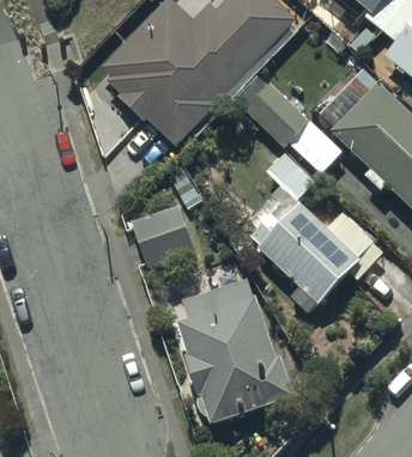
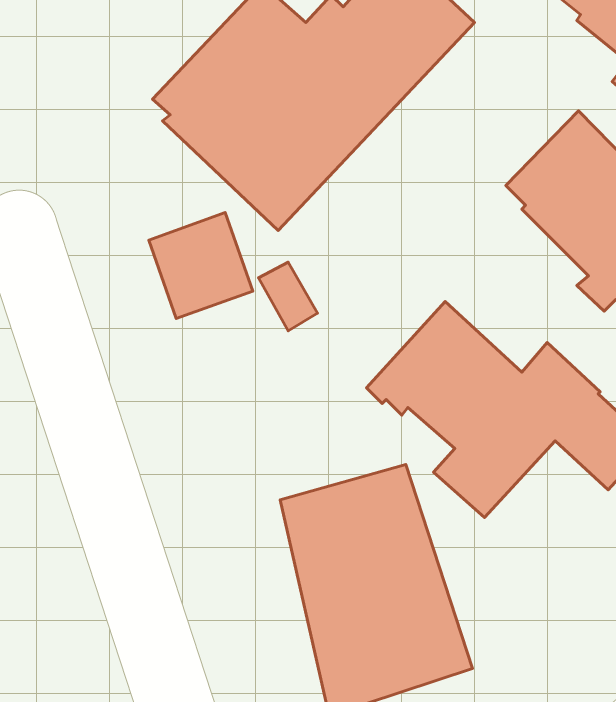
building: [235,81,341,173] -> none
building: [133,200,196,264] -> [149,213,253,319]

